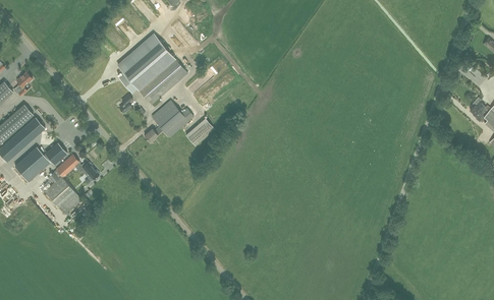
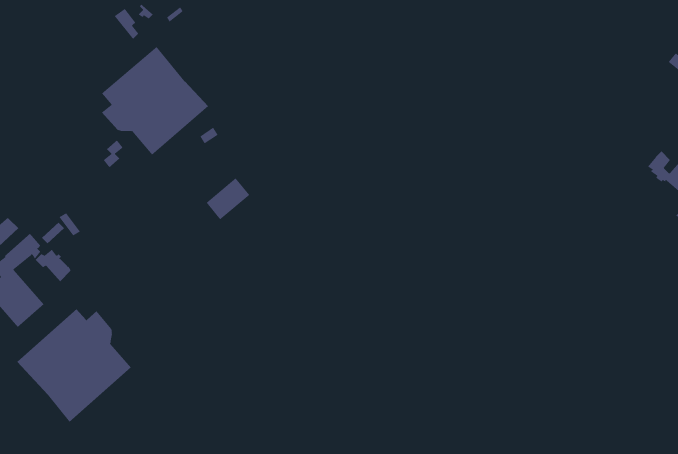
building: [144,99,193,140] -> none
building: none -> [16,309,132,423]

